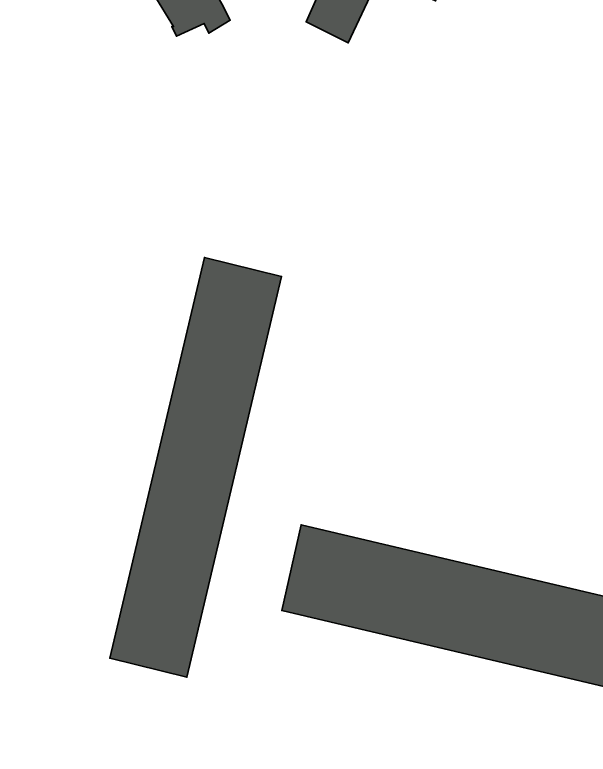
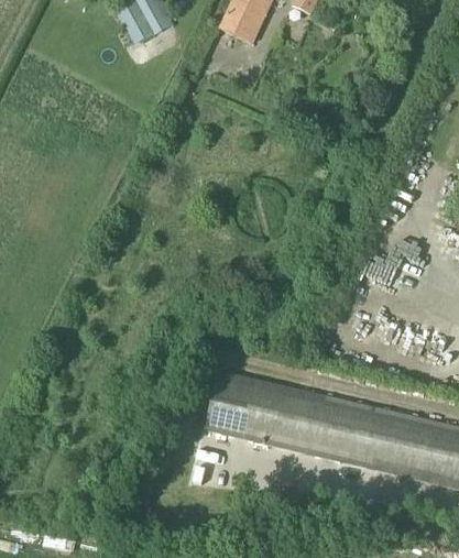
building: [110,257,282,677] -> none

